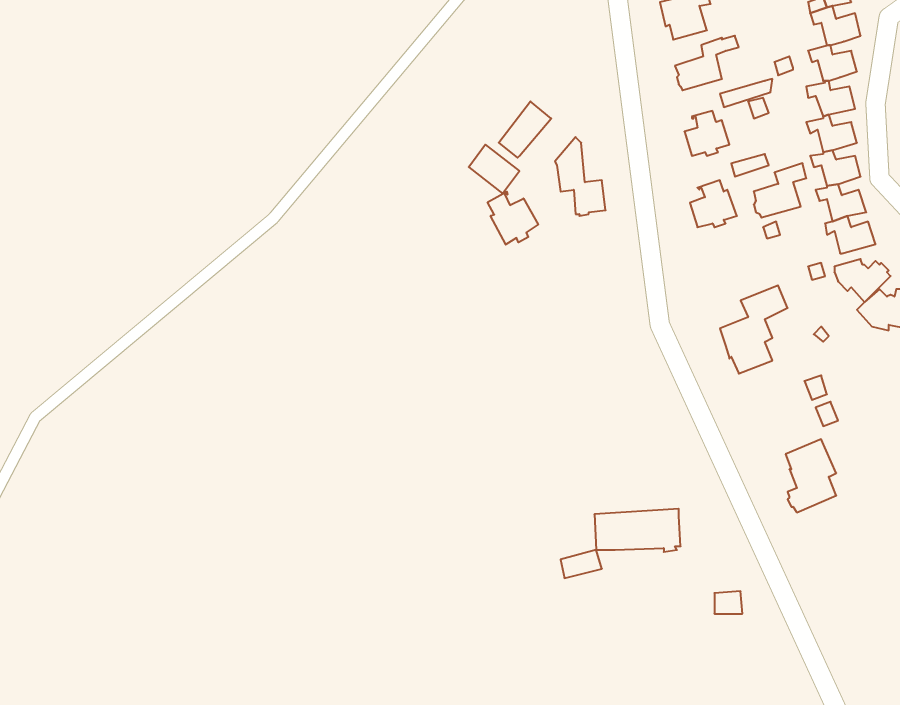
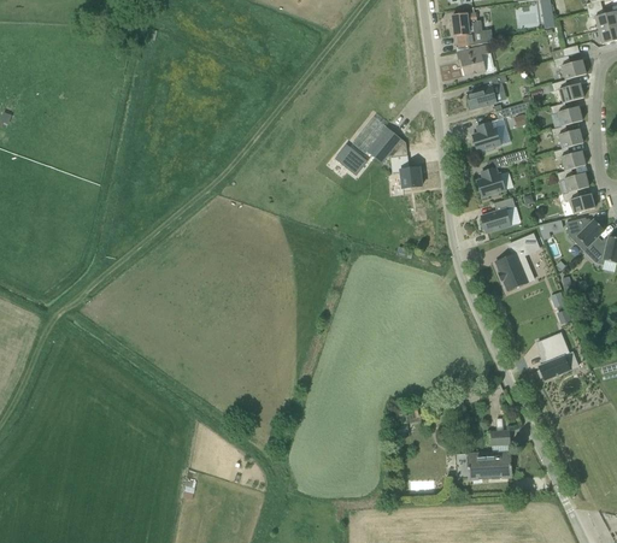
building: [754,163,806,218] -> [481,197,515,232]
building: [488,192,538,245] -> none
building: [594,509,681,552] -> [456,450,511,478]

